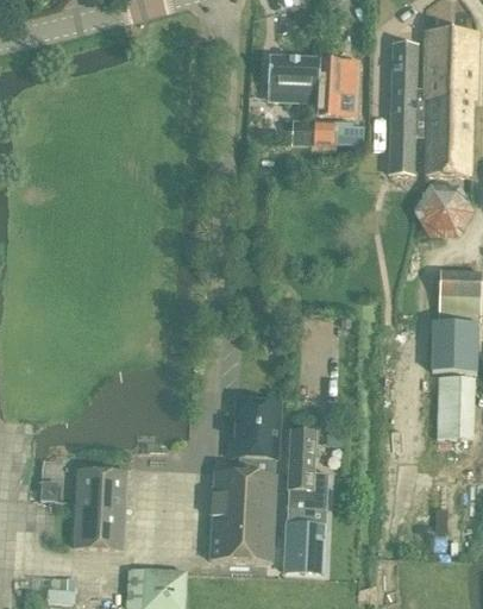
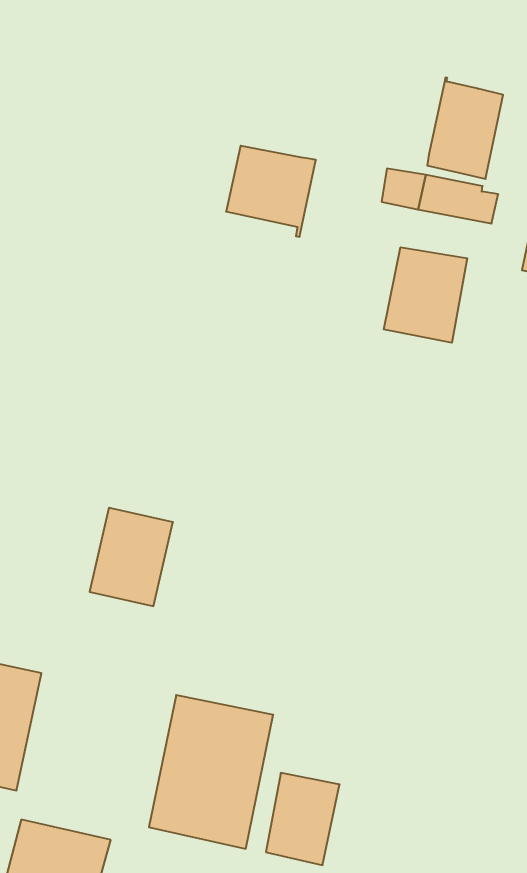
building: [268,56,319,107] -> [226,146,316,237]
building: none -> [384,247,467,343]
building: [234,401,280,458] -> [90,508,173,606]
building: [287,431,326,511] -> none

